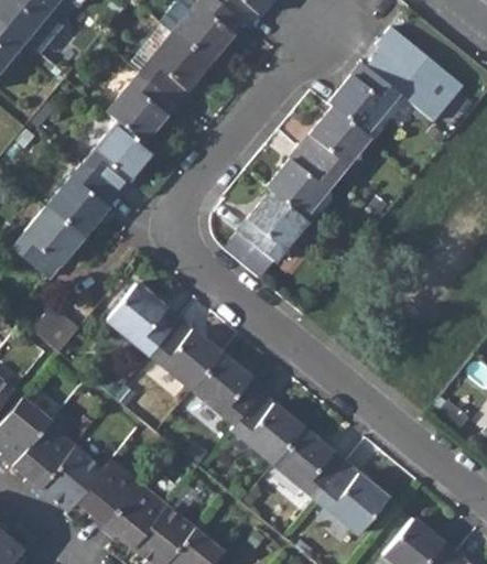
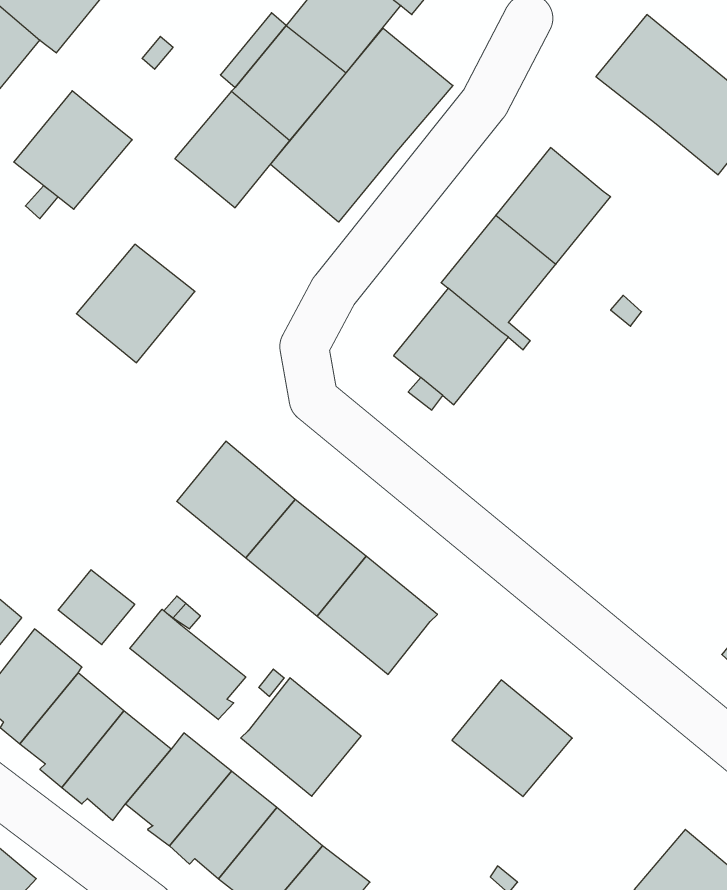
building: none -> [271,28,453,222]
building: [329,64,398,133] -> none
building: [83,122,154,194] -> [14,91,132,209]
building: [13,207,84,280] -> none
building: [33,307,79,352] -> [58,570,135,645]
building: none -> [130,609,246,720]
building: [231,393,304,465] -> [241,678,361,796]
building: [317,464,389,534] -> none

